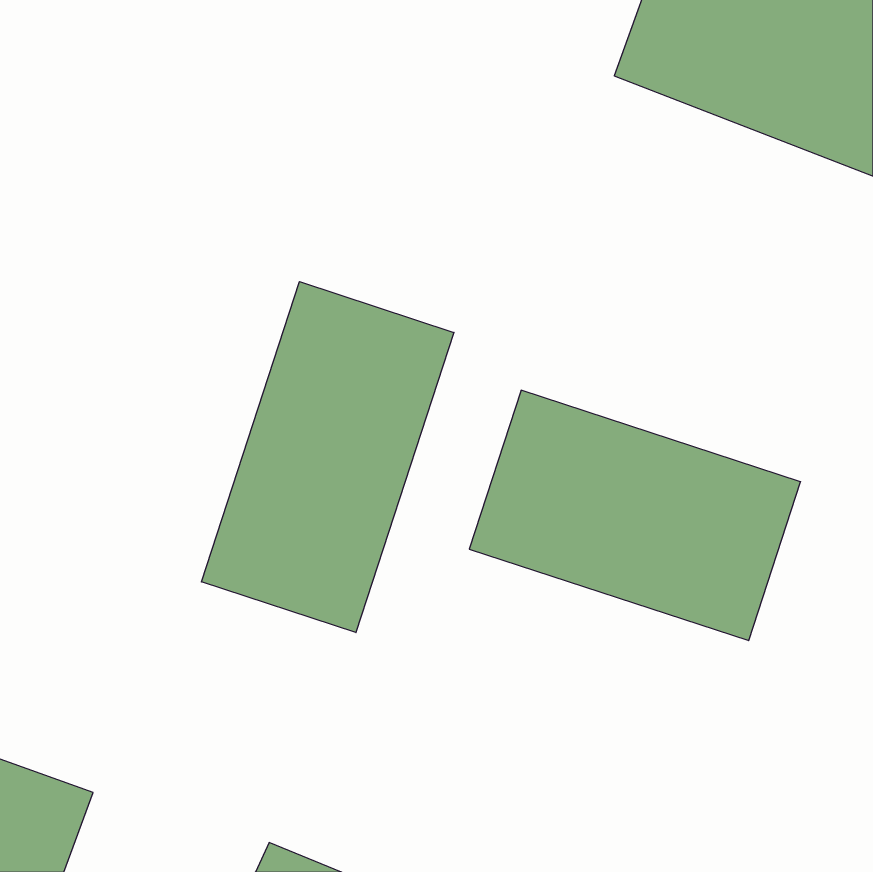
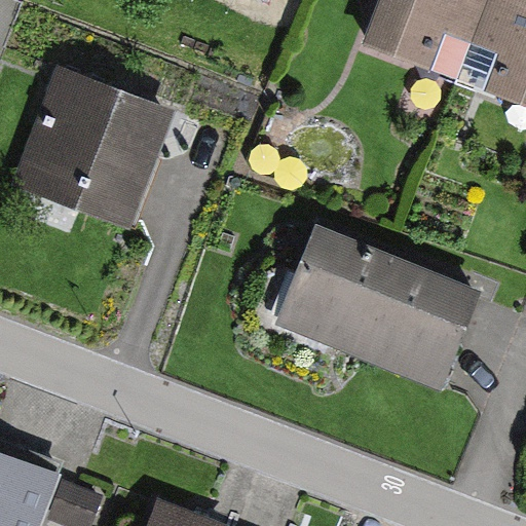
building: none -> [15,69,174,225]
building: [201,282,454,633] -> none

